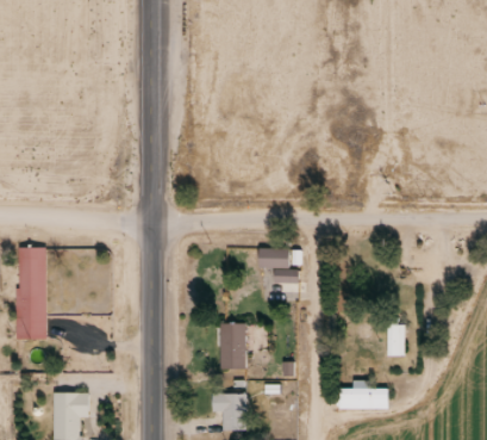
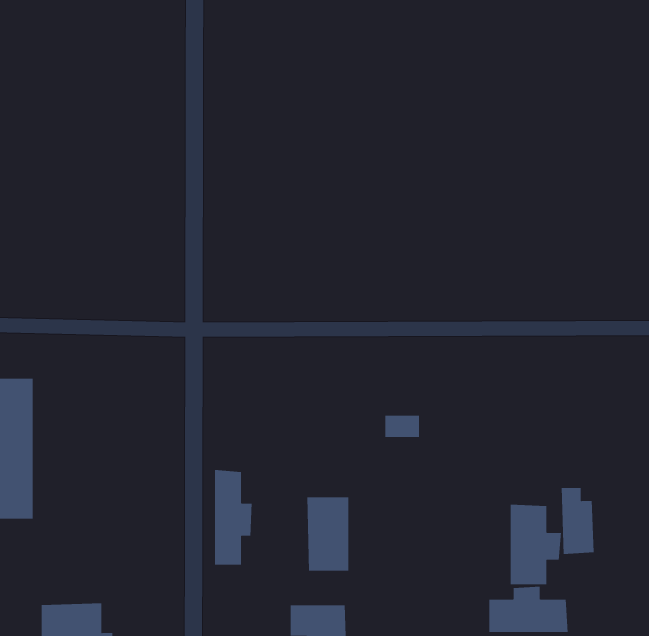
building: [255,242,285,261] -> none
building: none -> [214,469,252,566]
building: none -> [510,504,561,585]

